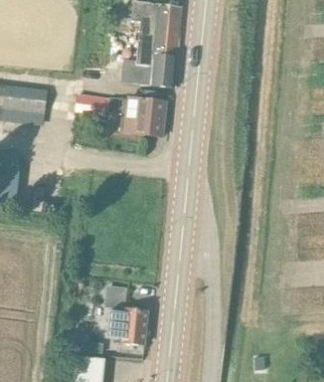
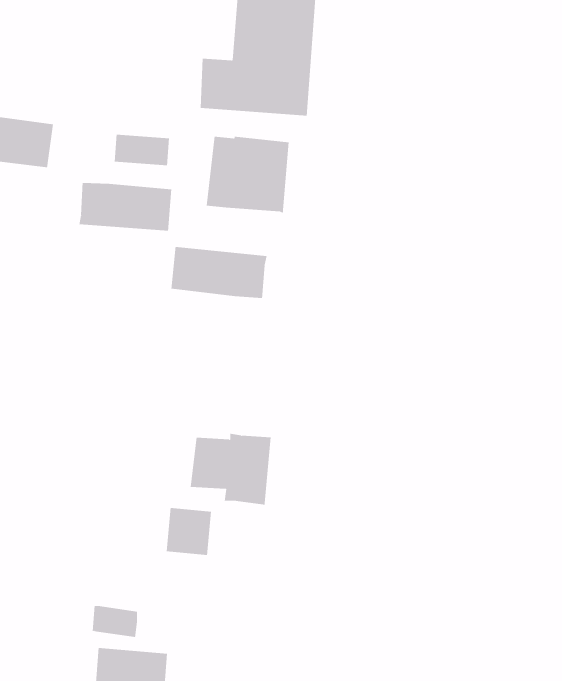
building: none -> [79,182,172,231]
building: none -> [171,246,267,299]
building: [106,310,147,346] -> [190,433,272,505]

